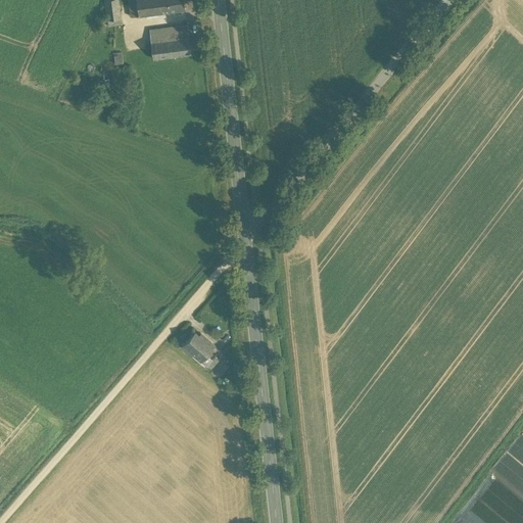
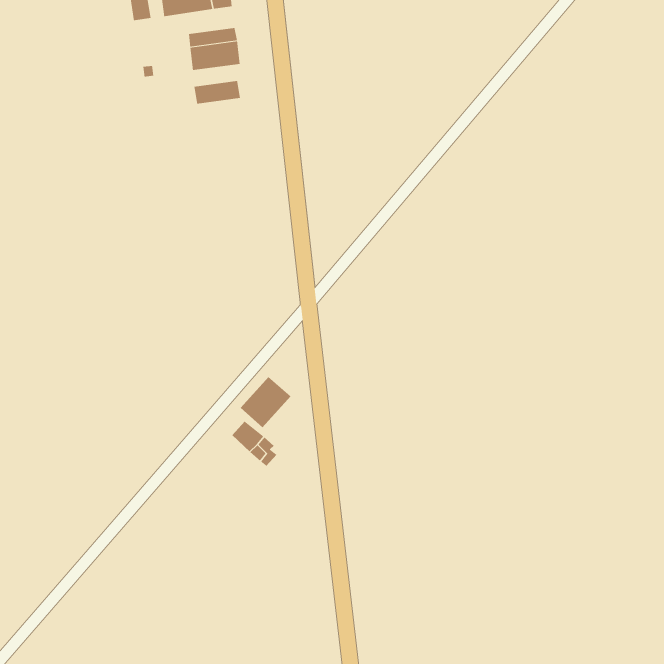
building: none -> [194,80,240,105]
building: none -> [240,376,292,428]

